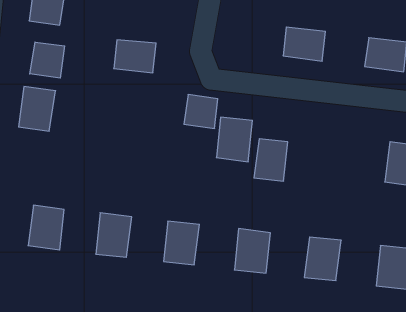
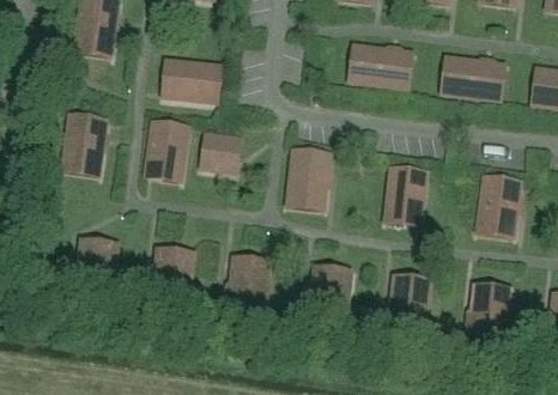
building: [30,42,65,78] -> none
building: none -> [146,121,186,169]
building: [184,95,218,128] -> [200,132,238,170]
building: [254,139,288,181] -> [386,166,424,214]

